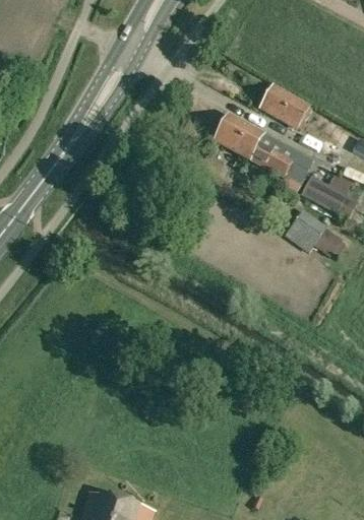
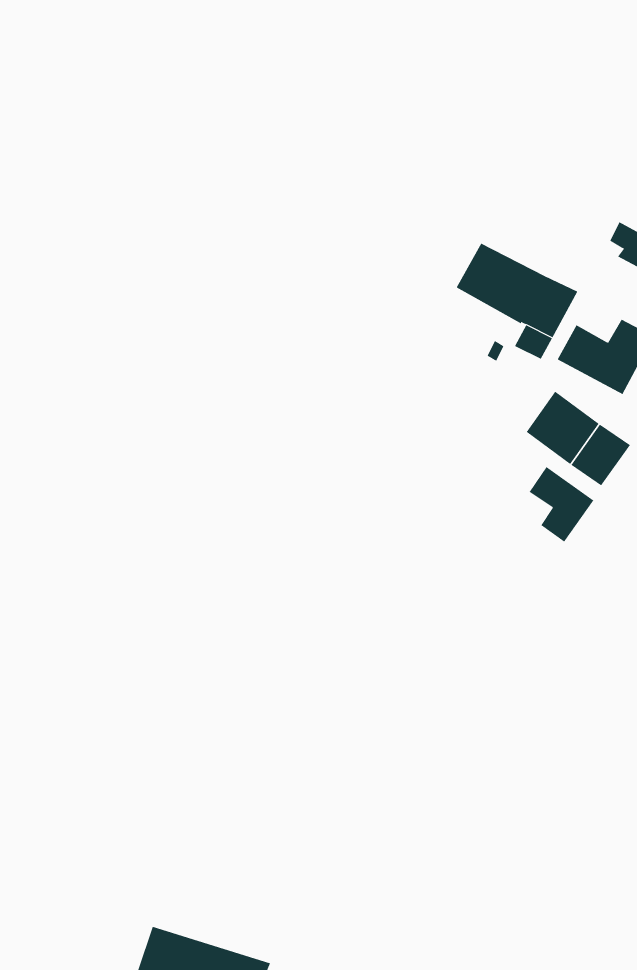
building: [264,86,306,124] -> none
building: [216,114,264,157] -> none
building: none -> [529,466,594,542]

